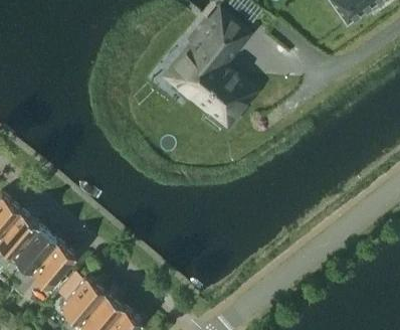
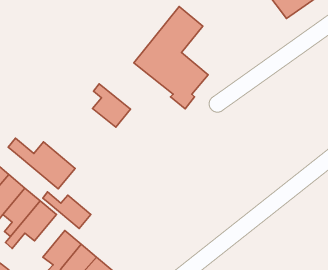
building: none -> [93,84,130,127]
building: none -> [8,138,75,189]
building: none -> [43,192,91,228]

